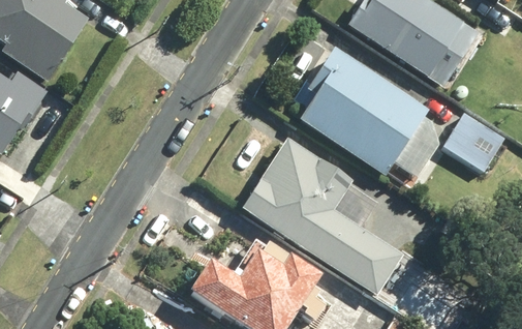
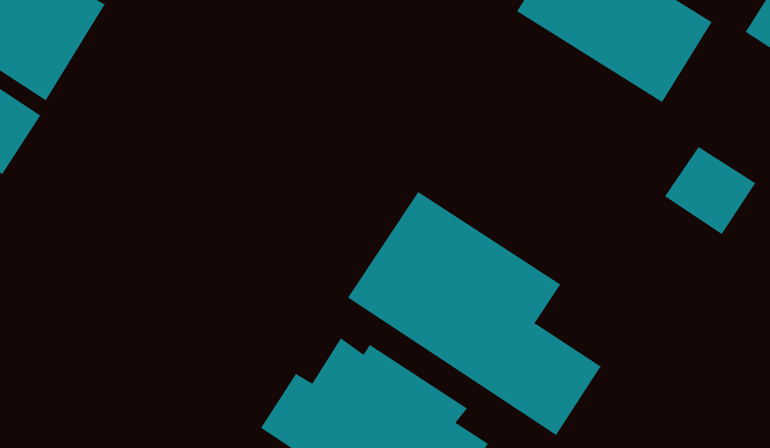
building: [300,50,442,177] -> none

